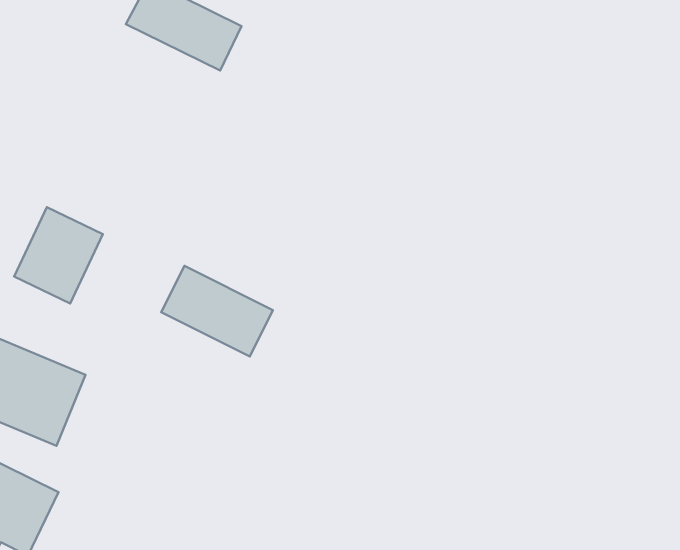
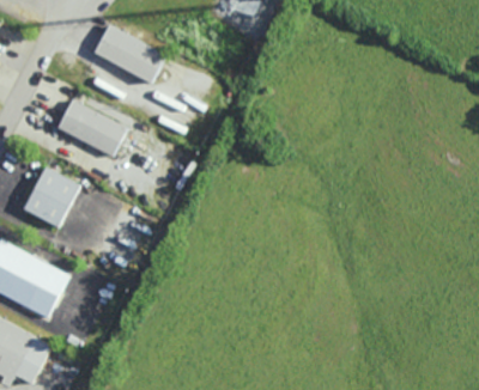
building: [161,266,273,356] -> [56,99,126,156]

